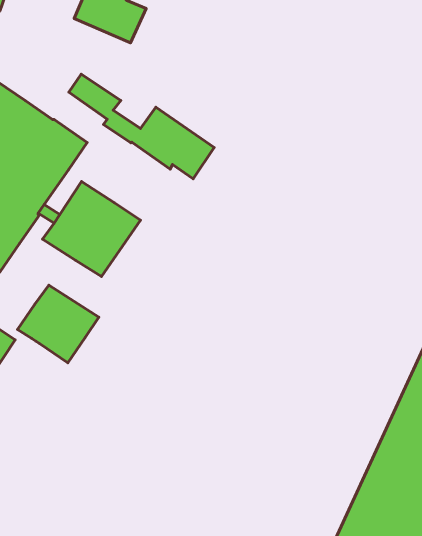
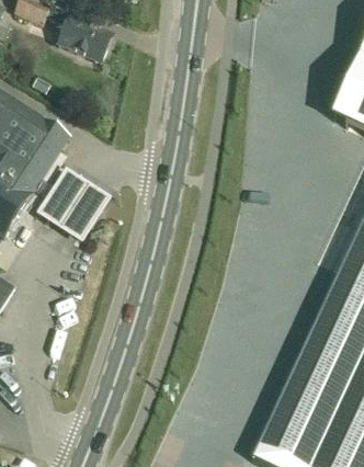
building: [69,74,214,179] -> none
building: [17,285,99,363] -> none

